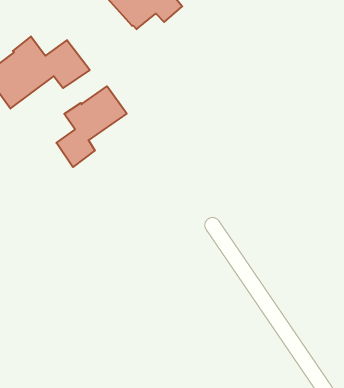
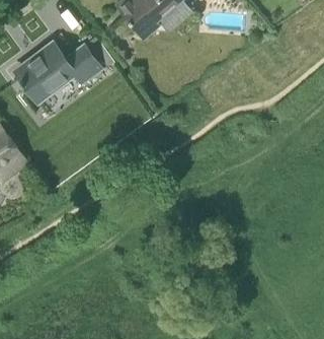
building: [56,86,127,167] -> none

